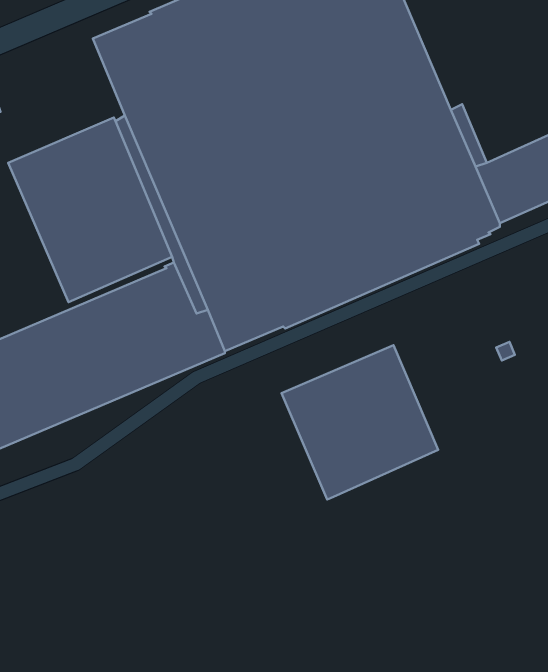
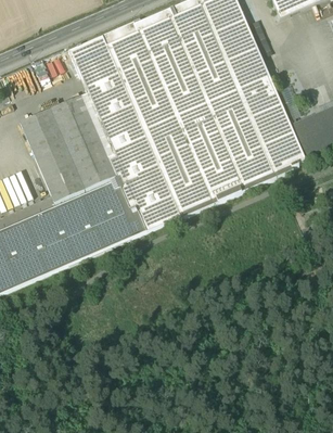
building: [281,345,438,499] -> none

